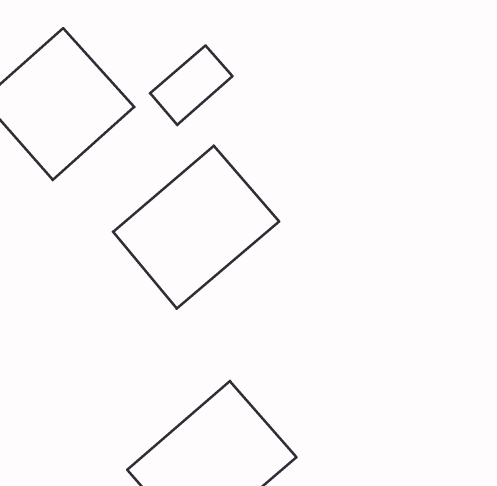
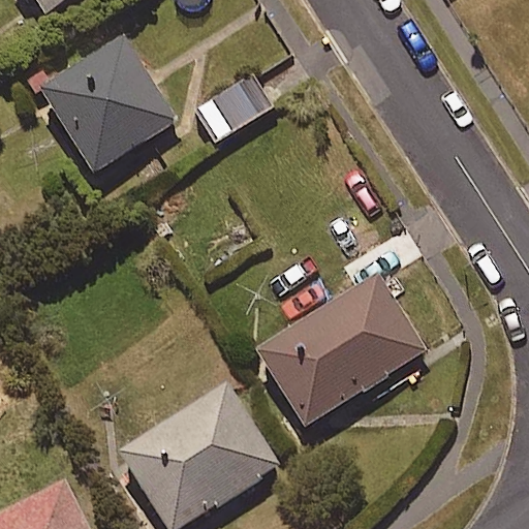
building: [113,146,279,309] -> none
building: none -> [256,275,426,426]

